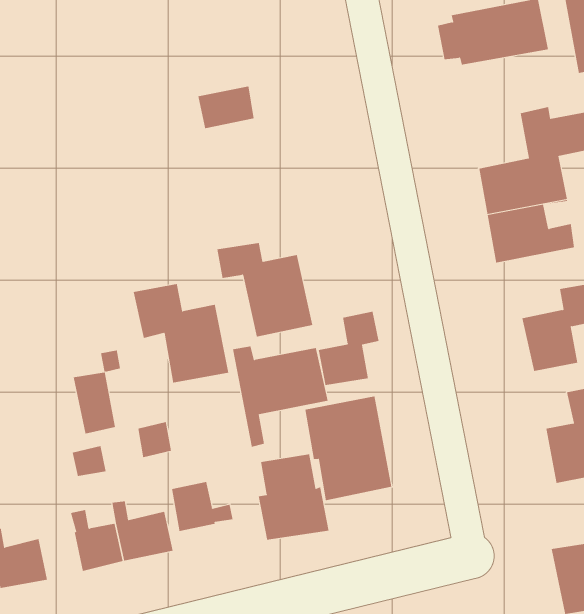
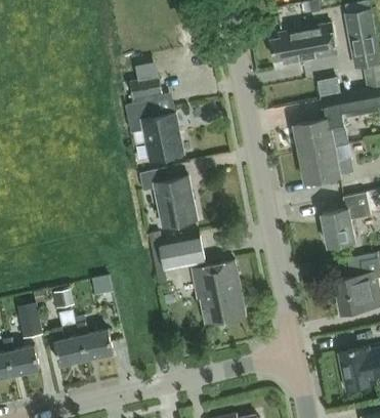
building: [133,283,229,383] -> [126,101,183,161]
building: [318,311,379,386] -> none
building: [73,350,121,434] -> [16,290,45,340]
building: [258,454,329,541] -> none
building: [171,481,233,532] -> none

